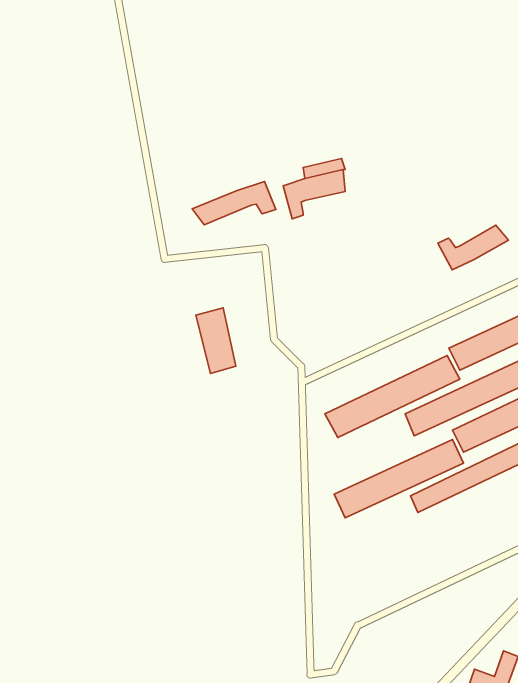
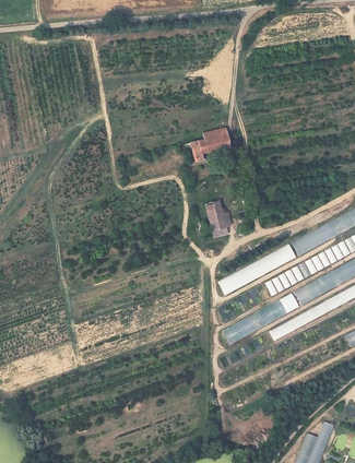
building: [192,182,276,225] -> none
building: [438,225,509,270] -> none
building: [196,308,236,373] -> [202,199,226,238]

